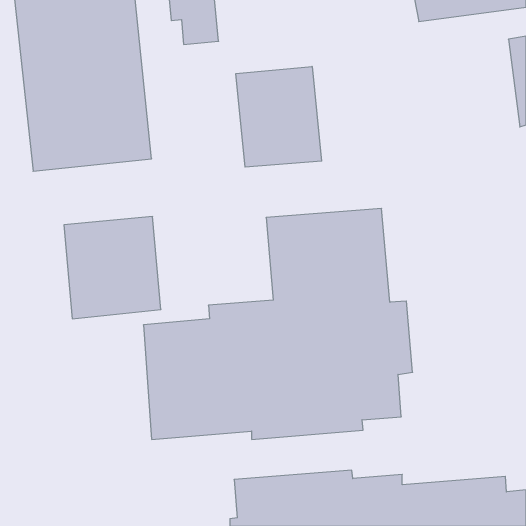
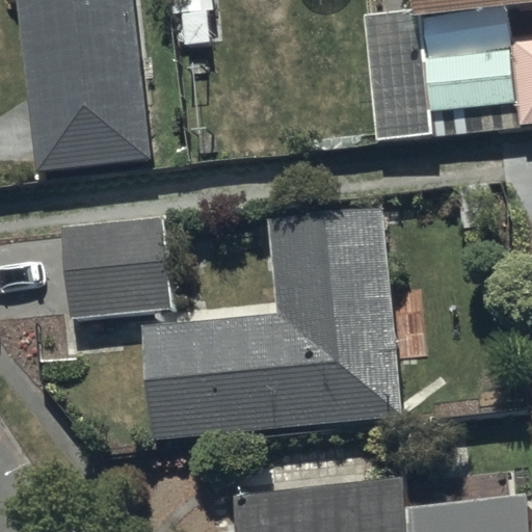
building: none -> [365,10,516,142]
building: [236,66,322,167] -> none

